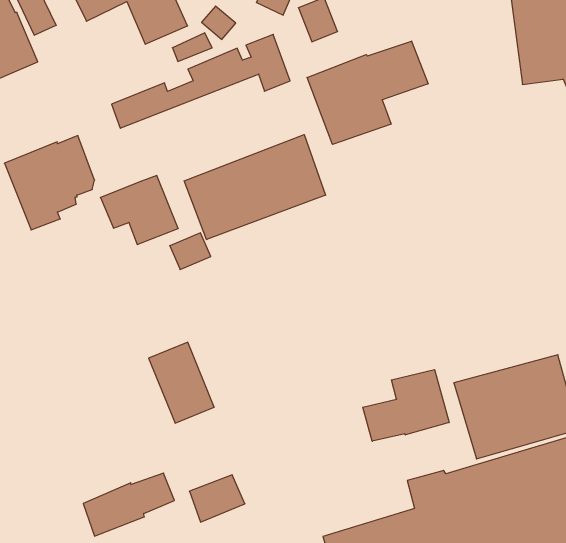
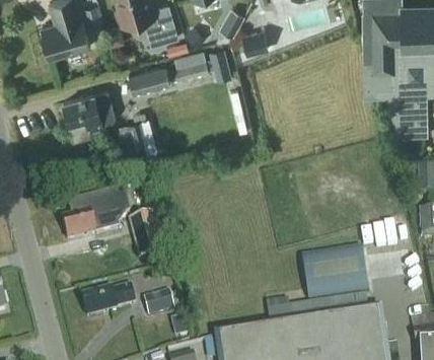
building: [307,41,428,144] -> none
building: [184,135,326,240] -> none
building: none -> [62,188,129,237]
building: [363,370,449,441] -> none

